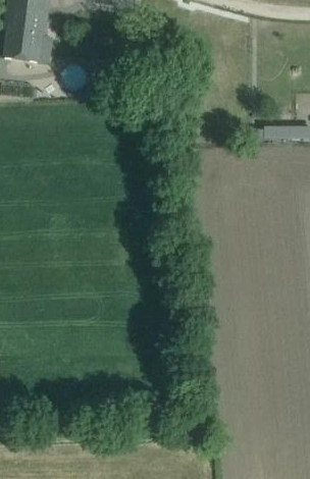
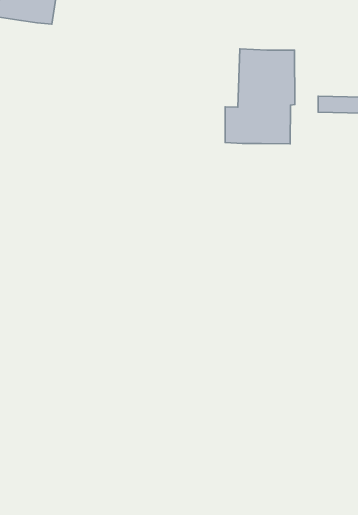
building: none -> [225,49,295,144]

